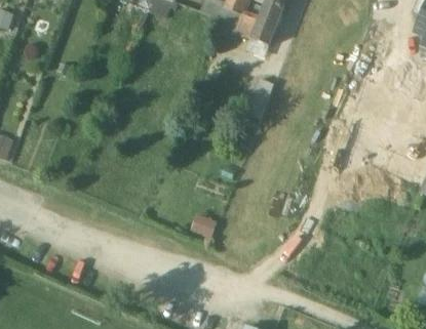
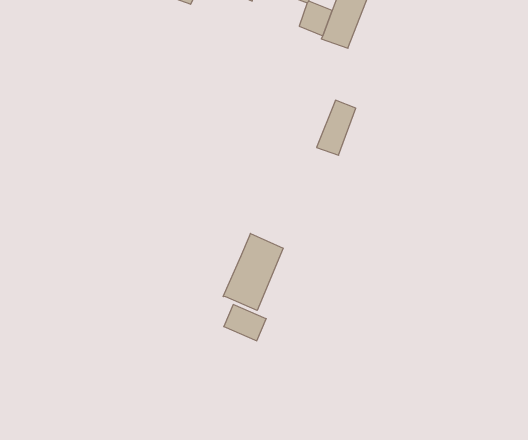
building: none -> [223,233,283,310]

